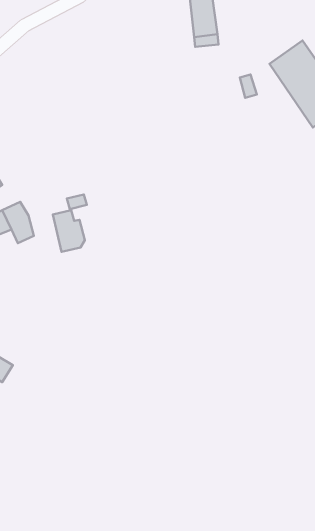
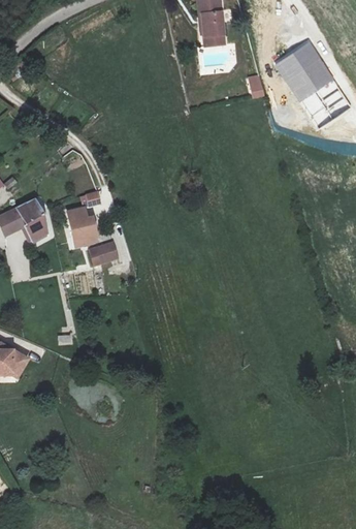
building: none -> [88,242,118,267]

